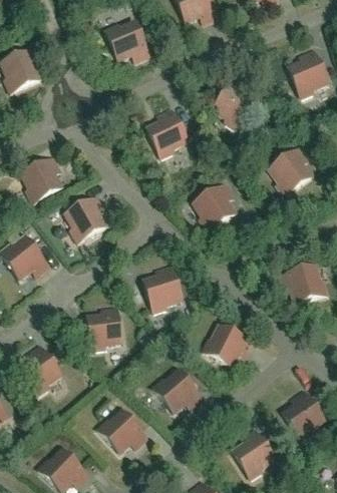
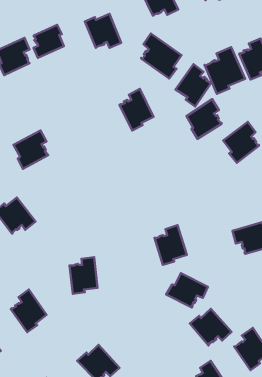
building: none -> [33,25,64,58]
building: none -> [141,34,182,78]
building: none -> [205,47,245,94]
building: [194,182,235,229] -> [187,99,221,139]
building: [65,195,106,240] -> none
building: [143,264,182,311] -> [154,225,187,265]
building: [151,369,201,412] -> [190,309,231,345]

